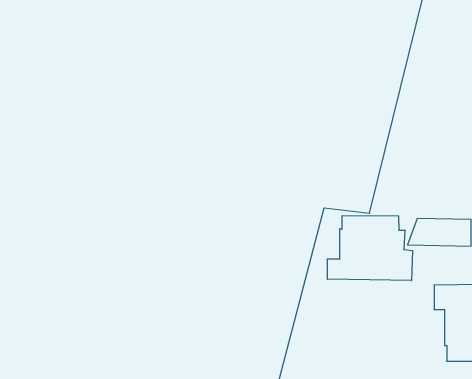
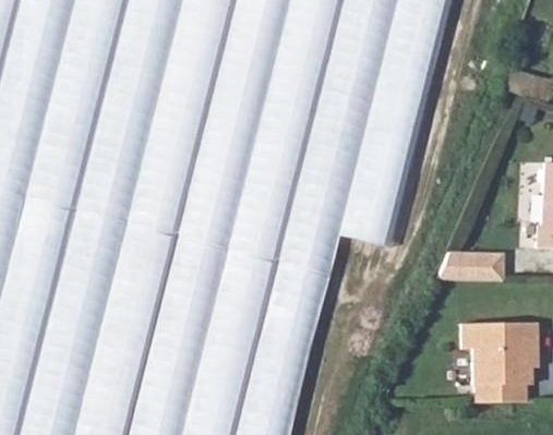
building: [327,216,413,281] -> none

